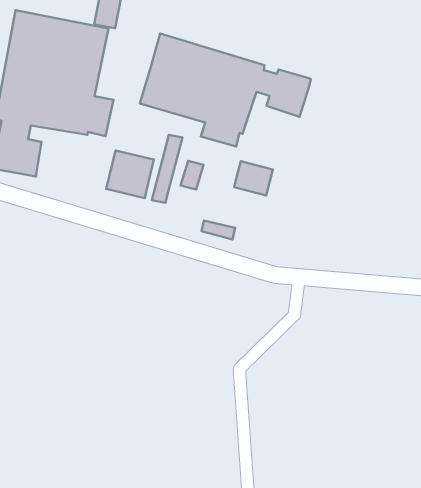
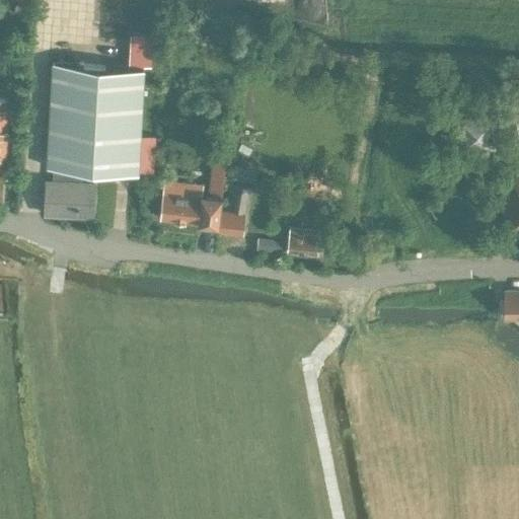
building: [140,34,311,147] -> none
building: [234,161,273,196] -> [286,229,320,258]
building: none -> [219,213,245,236]

